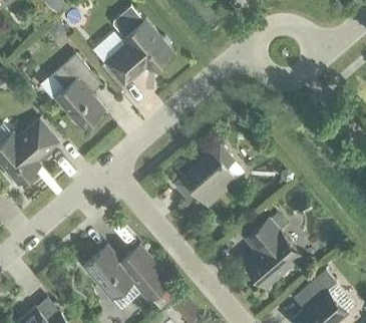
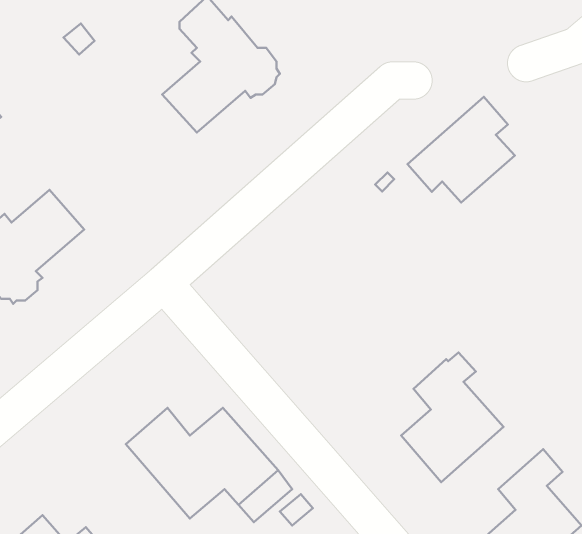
building: [52,54,104,129] -> none
building: [175,144,238,206] -> [407,97,515,202]

